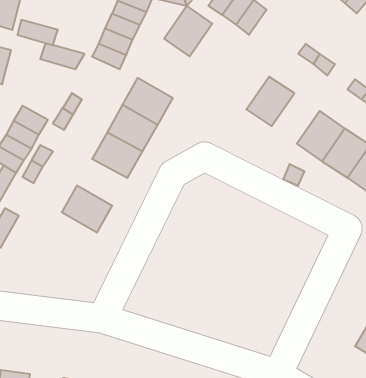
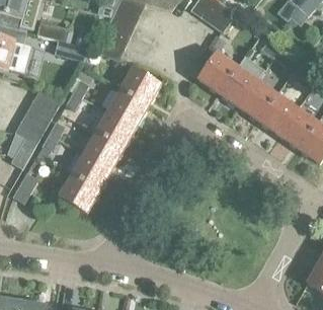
building: [164,6,212,56] -> [198,53,237,93]
building: none -> [239,80,277,121]
building: none -> [83,133,124,170]
building: none -> [59,175,99,213]

